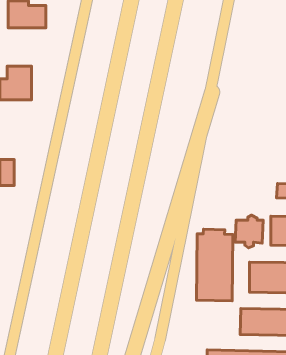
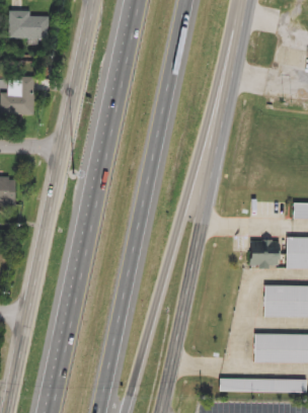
building: [197,229,233,301] -> none

